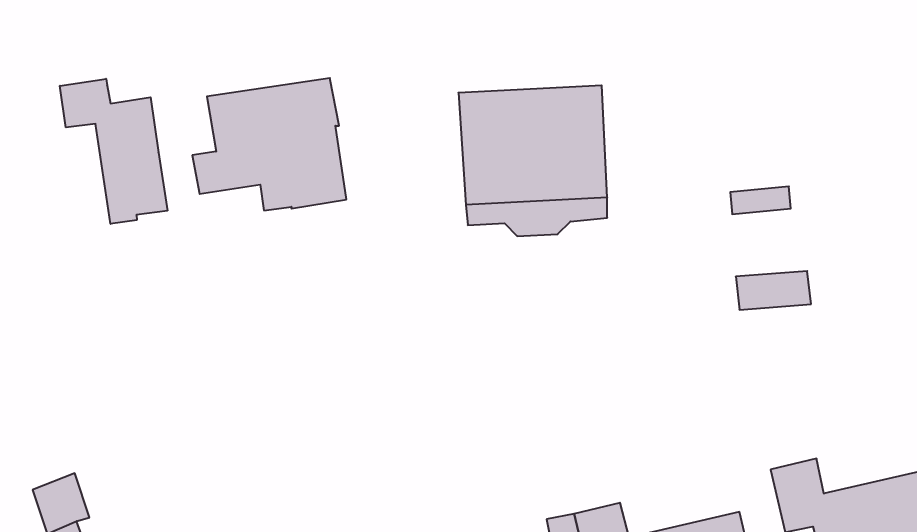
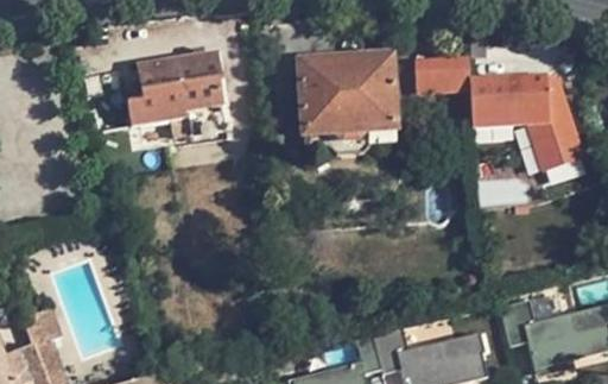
building: none -> [413,51,575,163]
building: [60,79,167,224] -> none

